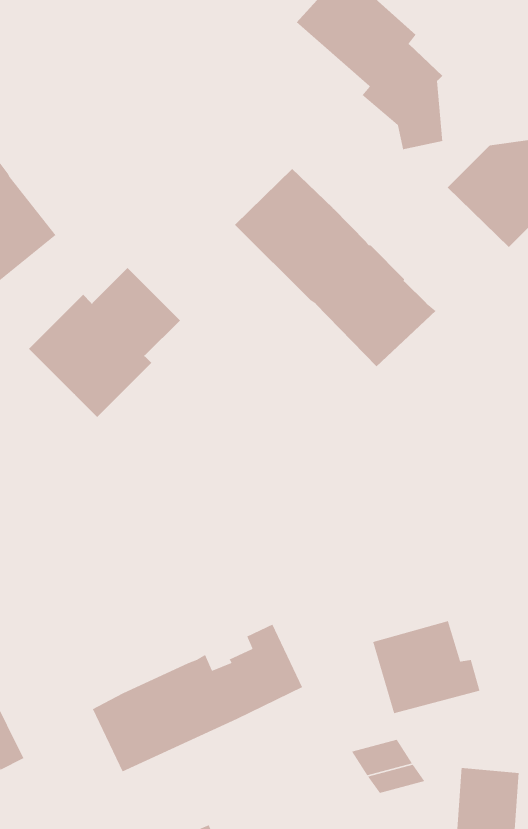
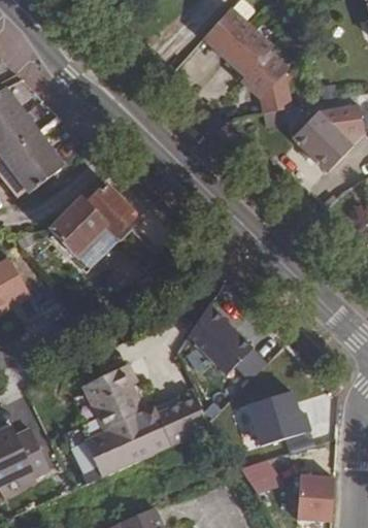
building: [234,168,437,367] -> none
building: none -> [187,303,252,373]
building: none -> [81,362,146,430]

